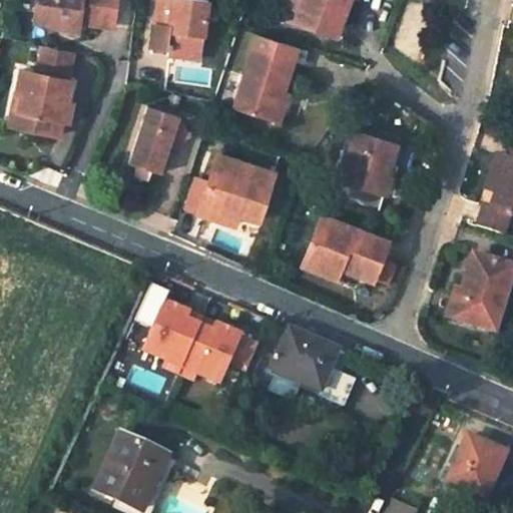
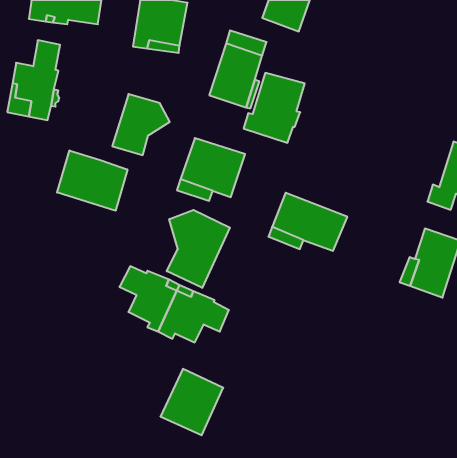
building: [329,133,397,211] -> [244,73,305,143]
building: none -> [57,150,127,211]
building: none -> [167,210,230,288]
building: [272,329,355,405] -> none
building: [98,434,168,508] -> [160,369,223,435]
building: [443,436,505,503] -> none

